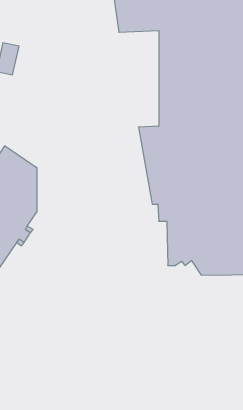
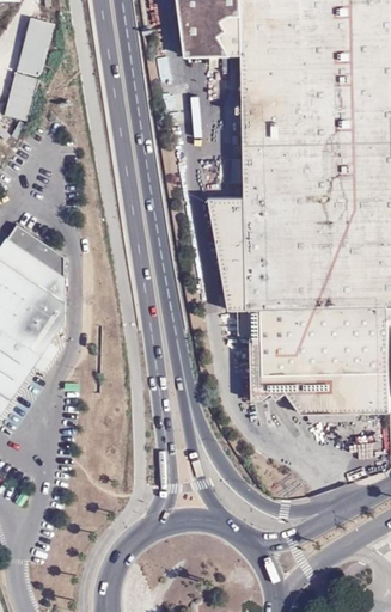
building: none -> [13,16,45,72]

